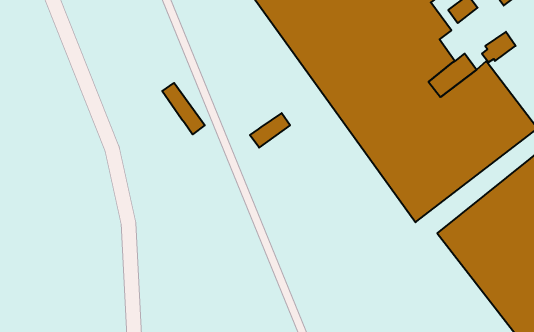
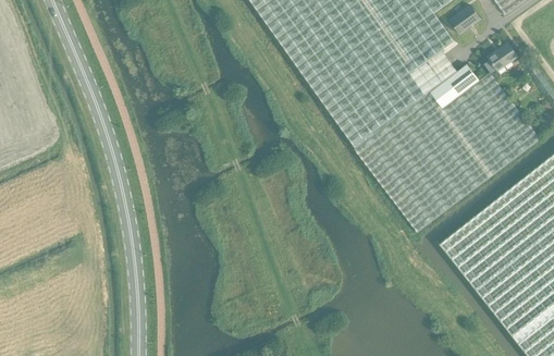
building: [162,83,205,134] -> none
building: [250,113,290,148] -> none

